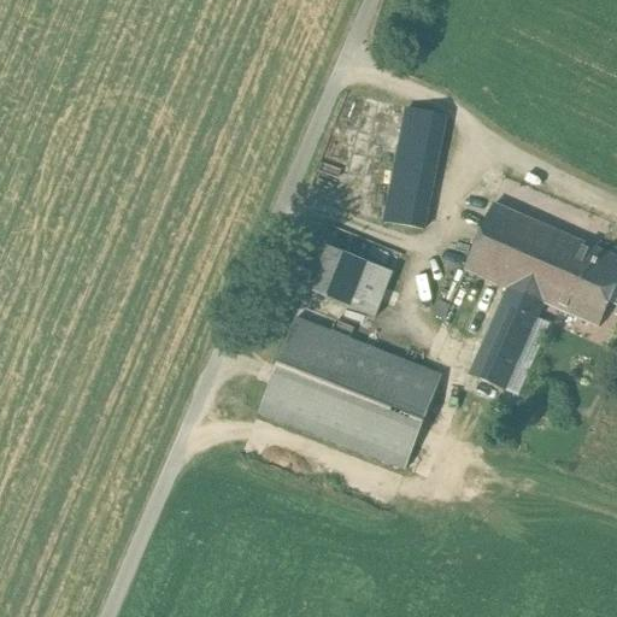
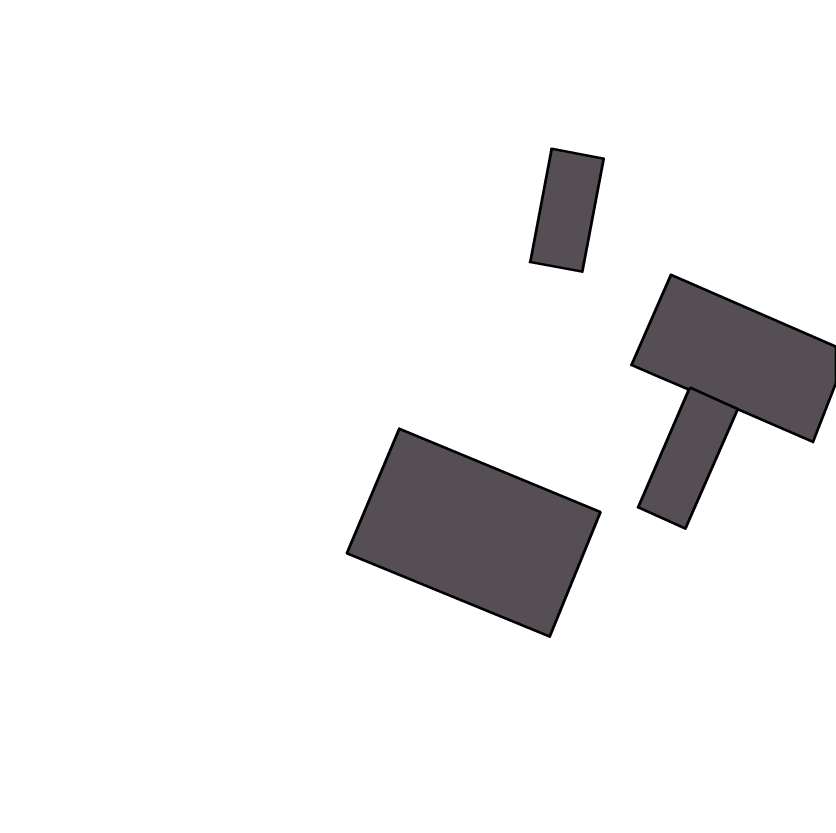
building: [384,193,429,228] -> none
building: [305,225,400,316] -> none

